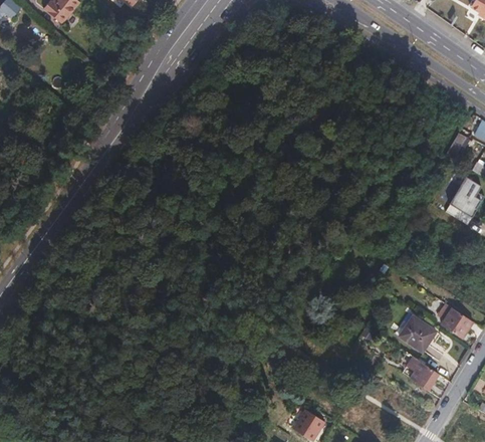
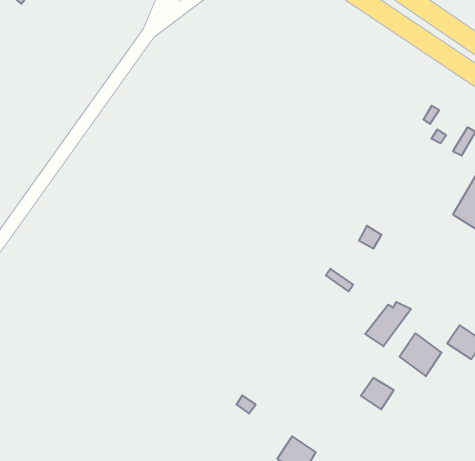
building: none -> [365,302,411,346]
building: [410,363,439,391] -> [361,378,394,410]

